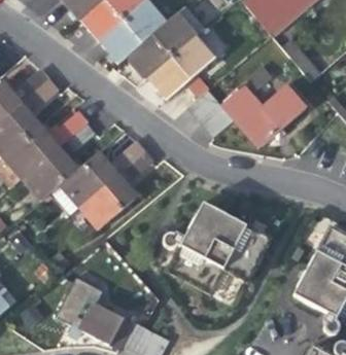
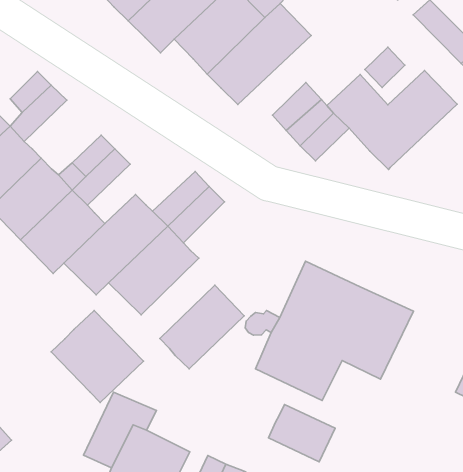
building: none -> [160,285,244,369]
building: none -> [51,311,143,403]
building: none -> [268,404,335,462]

